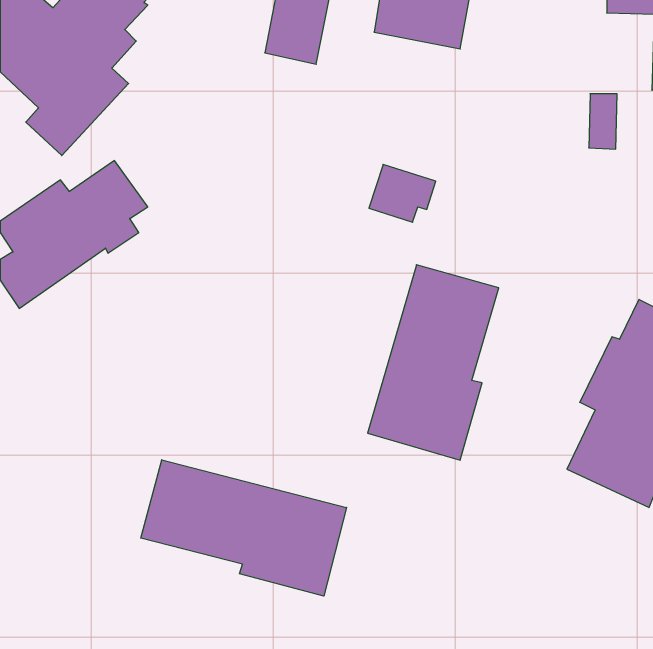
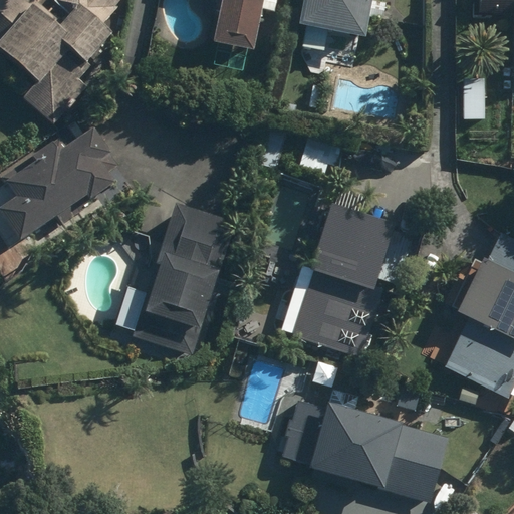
building: none -> [135,205,233,354]
building: [141,460,347,596] -> none
building: none -> [283,398,449,501]

